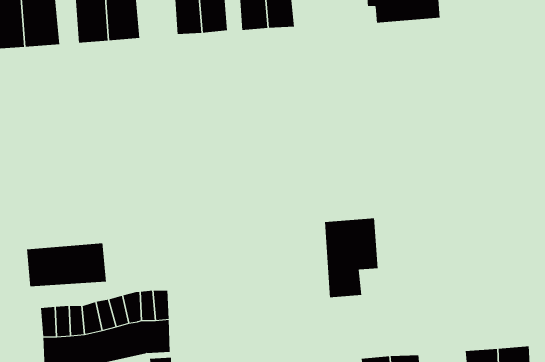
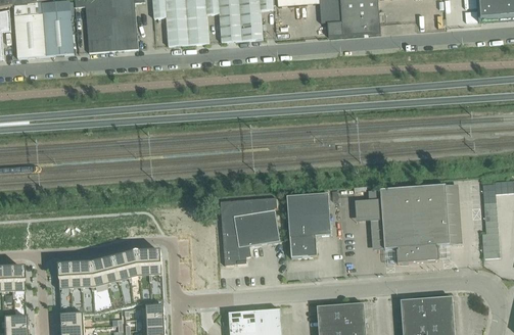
building: none -> [355,184,455,262]
building: none -> [221,197,280,265]
building: [26,242,106,287] -> none

